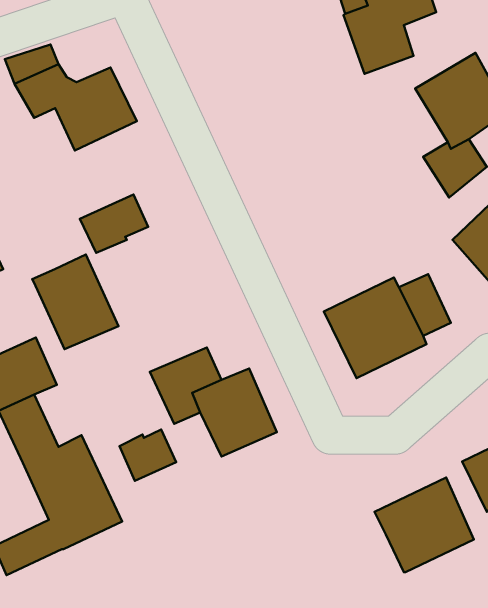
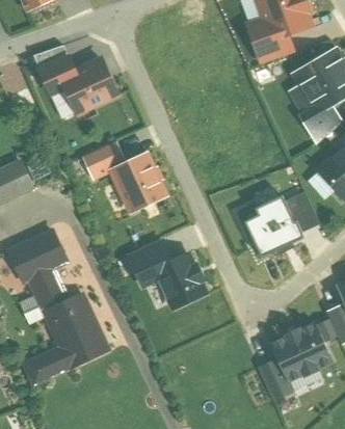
building: [32,255,118,349] -> [110,153,165,213]
building: [119,429,176,481] -> none
building: none -> [258,358,293,401]

